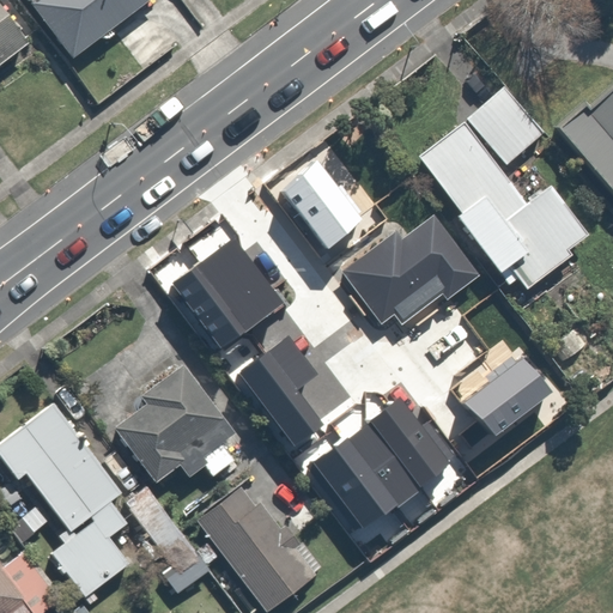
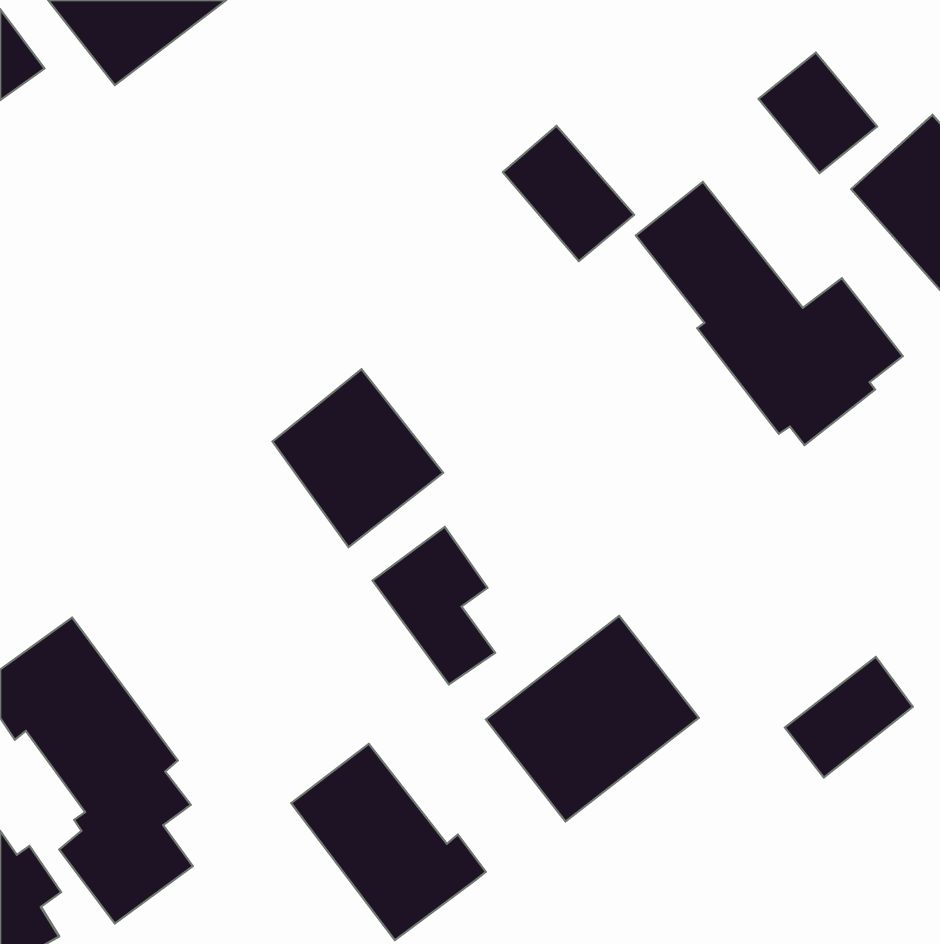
building: [463,86,540,164] -> [758,52,877,173]
building: [283,164,368,251] -> [503,126,634,261]
building: [334,214,475,322] -> none
building: [468,359,551,437] -> [785,657,913,777]
building: [121,365,239,482] -> none

